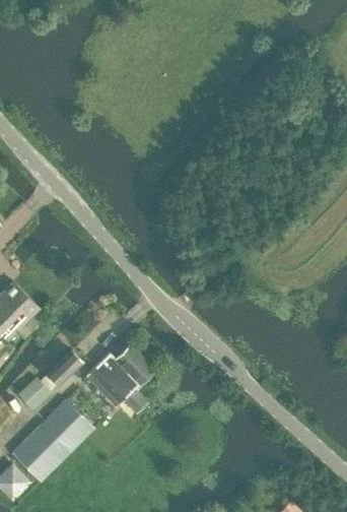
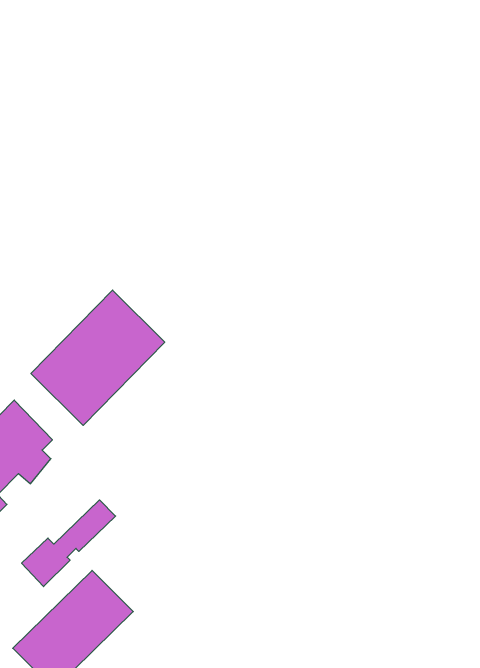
building: none -> [31,290,165,425]
building: [85,344,153,411] -> none

